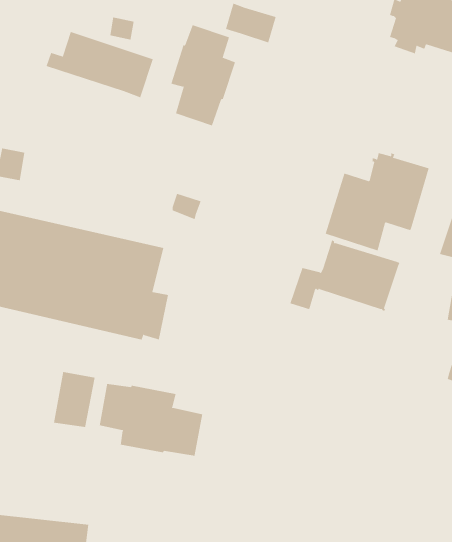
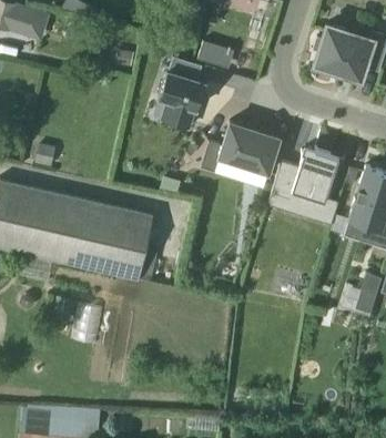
building: [46,31,154,98] -> none
building: [289,239,400,311] -> [201,122,280,173]
building: [99,383,203,457] -> none

